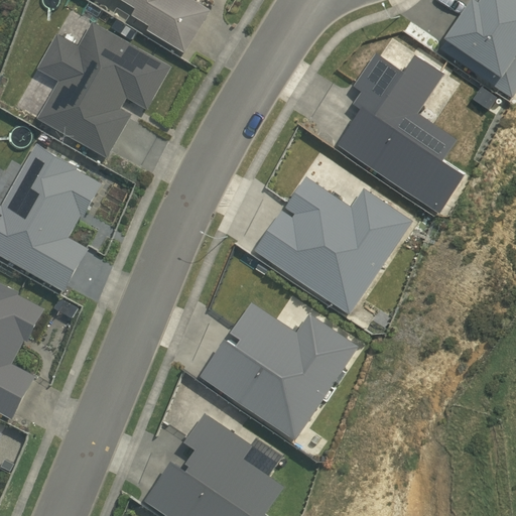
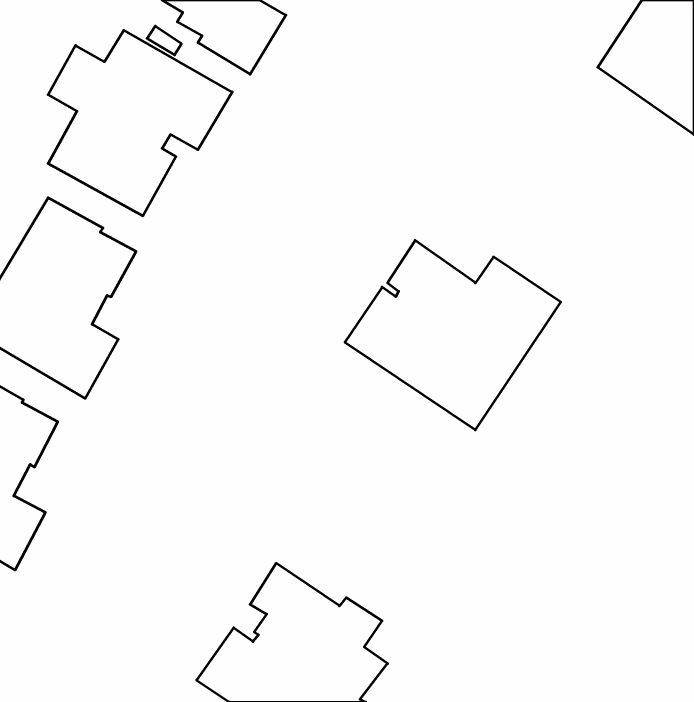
building: [337,53,465,214] -> none
building: [199,301,356,440] -> none

